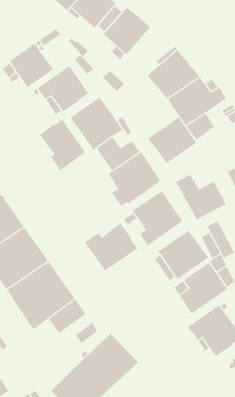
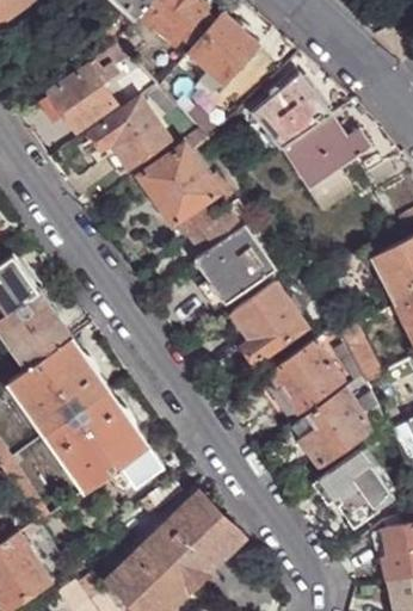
building: [148,117,197,164] -> none
building: [39,119,86,171] -> none
building: [175,174,226,220] -> none
building: [84,223,138,271] -> none

